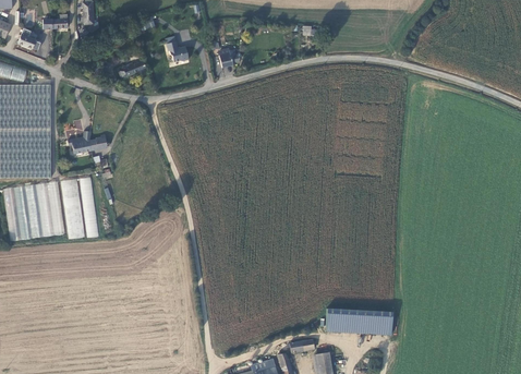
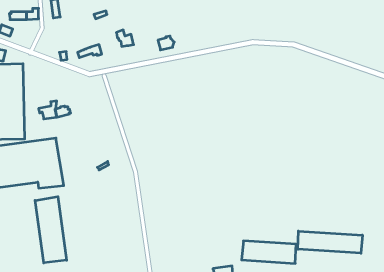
building: none -> [35,197,67,263]
building: none -> [298,231,362,253]

